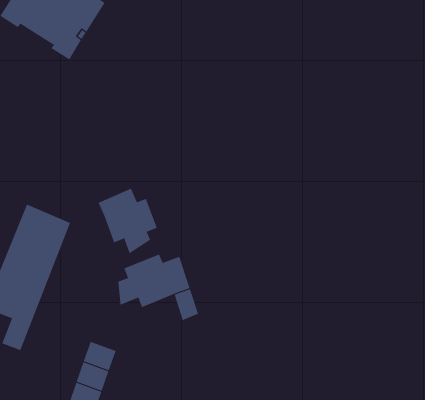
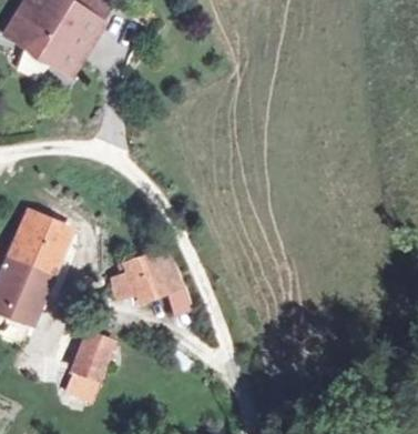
building: [98,188,158,254] -> none

